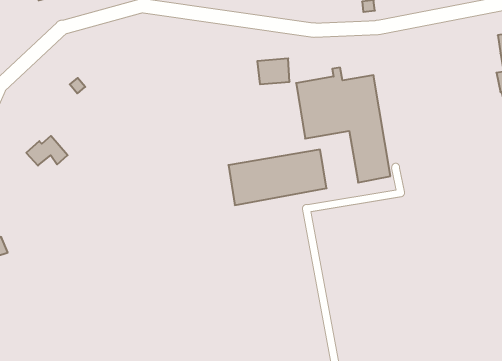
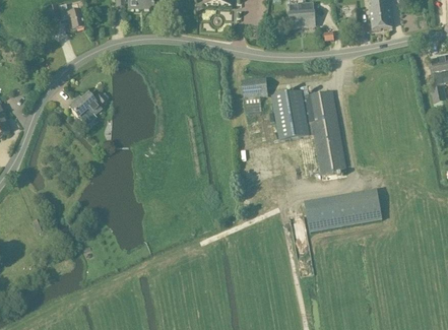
building: [26,136,68,166] -> [68,92,101,116]
building: [228,150,327,205] -> [305,188,382,232]

